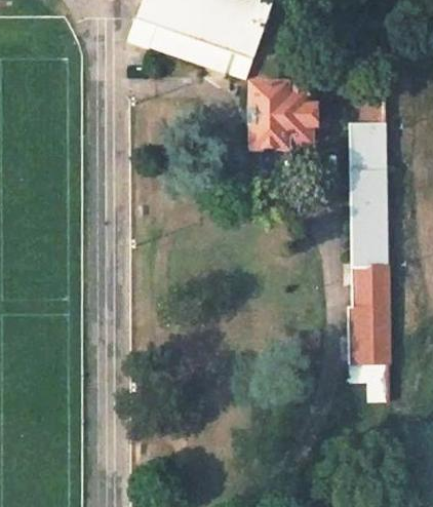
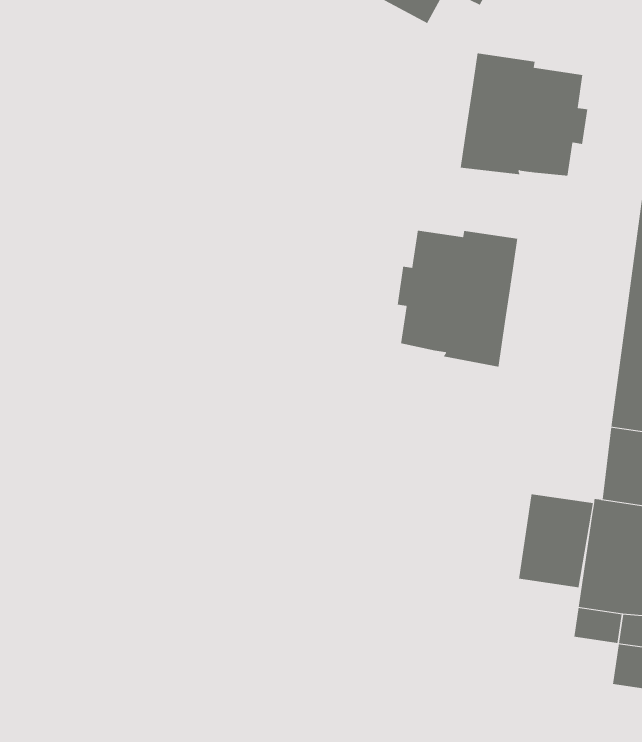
building: none -> [397,230,518,367]
building: none -> [518,493,593,588]

